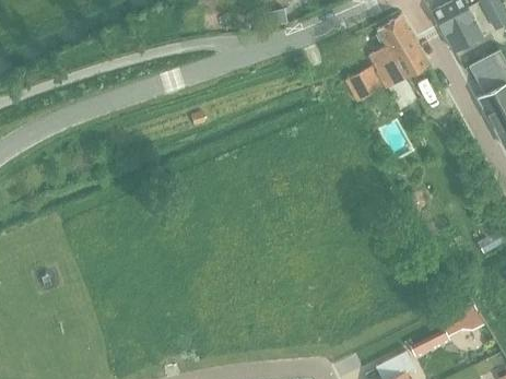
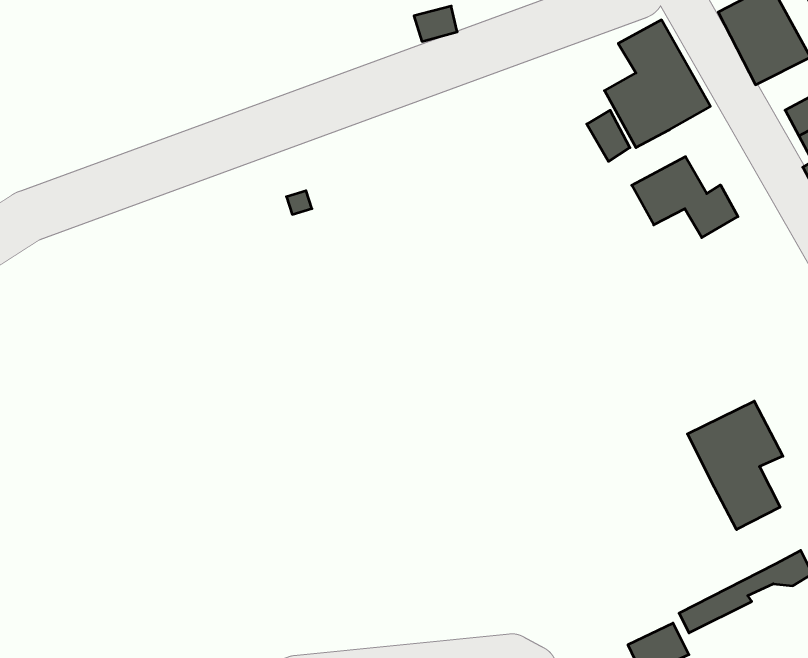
building: none -> [632,157,738,238]
building: none -> [687,401,783,530]

